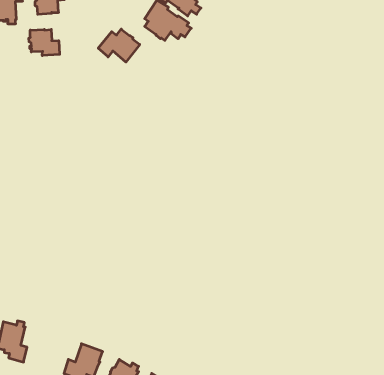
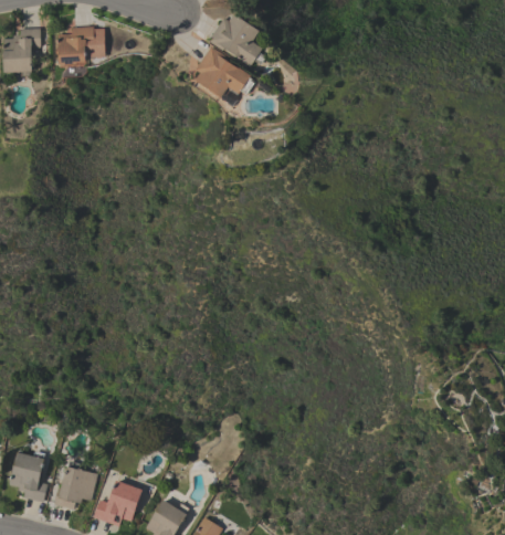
building: [98,29,140,62] -> none
building: [29,29,60,56] -> none
building: none -> [53,462,96,510]

